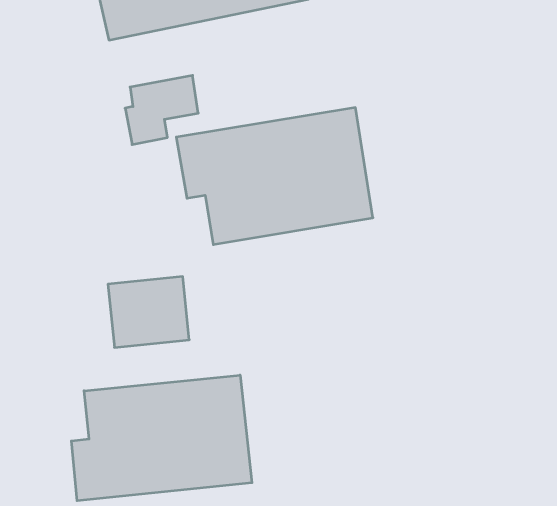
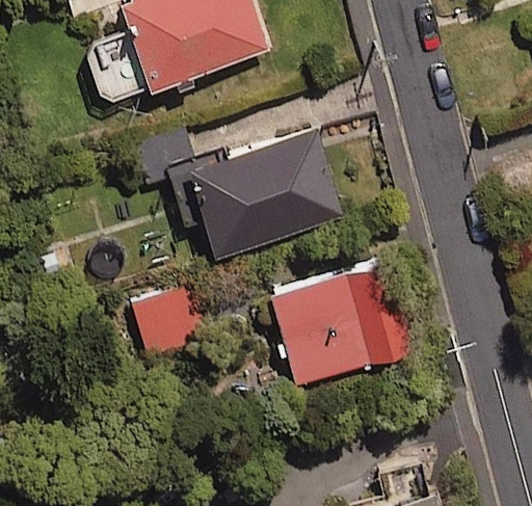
building: none -> [269,264,410,387]
building: [71,375,252,501] -> none

